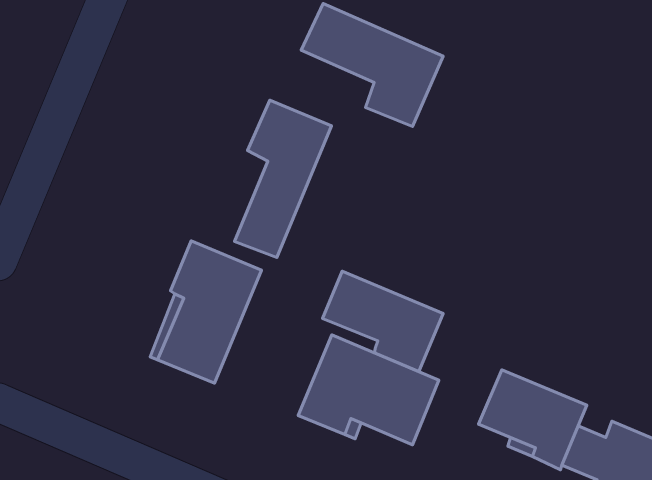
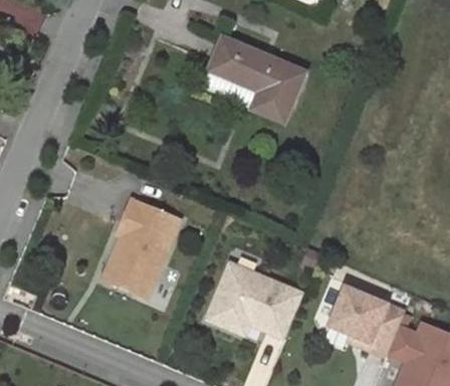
building: [235,100,331,257] -> none
building: [322,271,443,372] -> none

